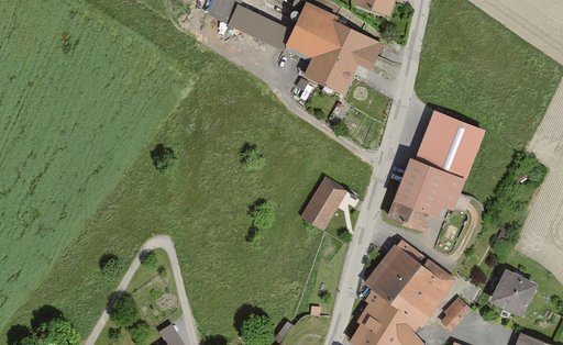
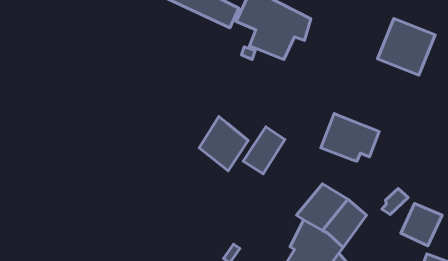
building: [413,111,484,180] -> [377,18,435,75]
building: none -> [199,117,248,171]
building: [386,200,432,232] -> none
building: [440,297,472,329] -> [382,189,408,215]

